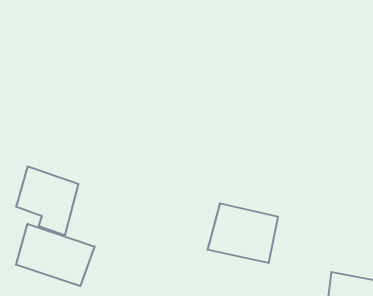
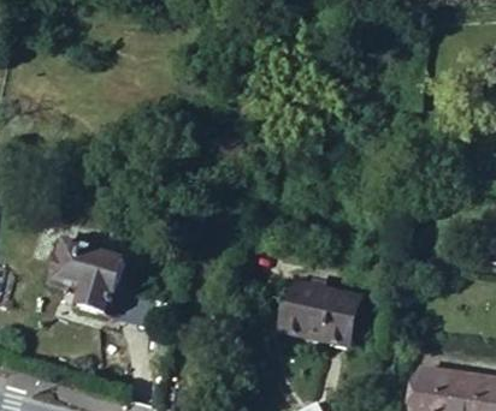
building: [16,224,95,286] -> none

